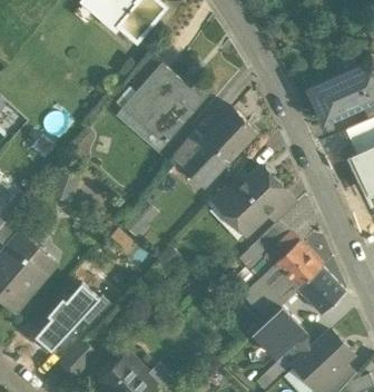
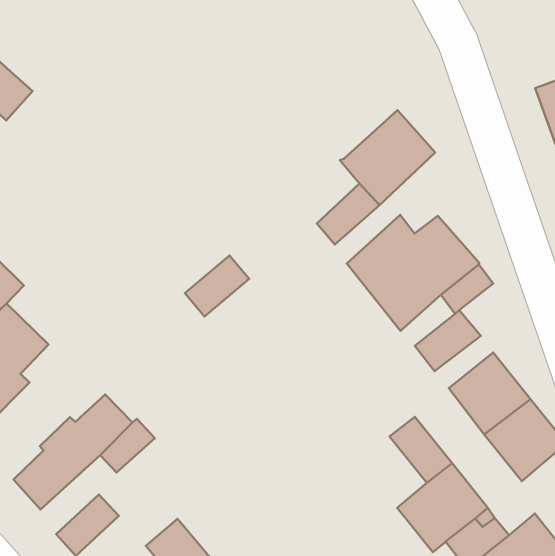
building: [121,62,213,145] -> none
building: [170,130,215,177] -> none
building: [257,264,297,306] -> none

